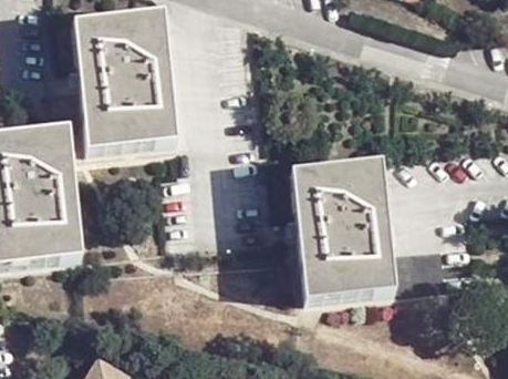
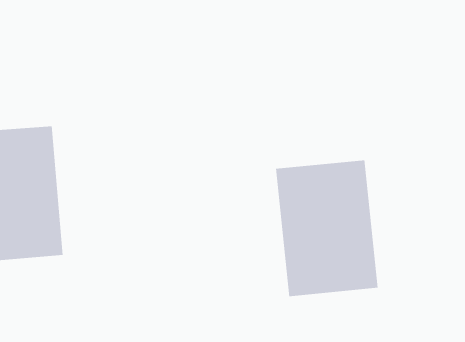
building: [74,14,176,153] -> none

